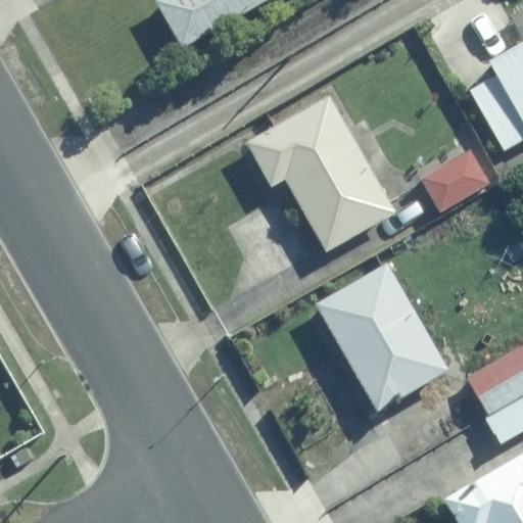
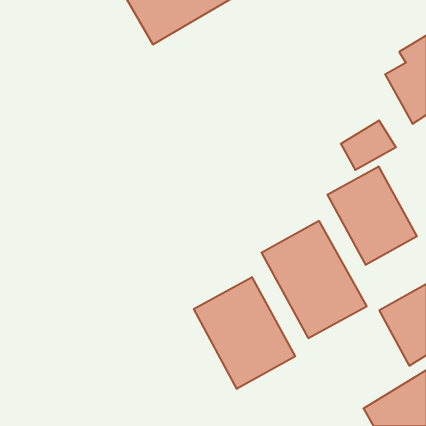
building: [241,93,391,248] -> none
building: none -> [328,166,417,265]
building: none -> [194,277,295,389]

